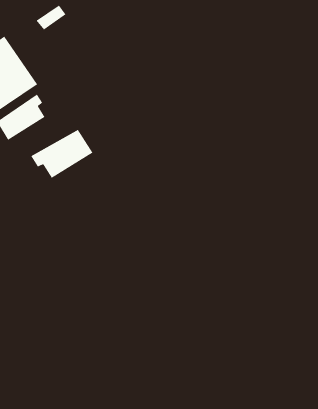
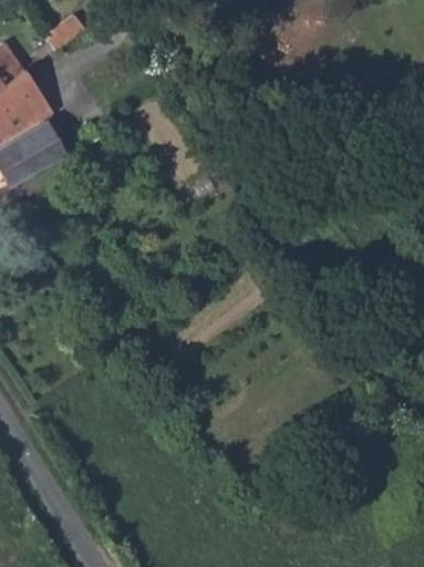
building: [30,129,93,179] -> none

